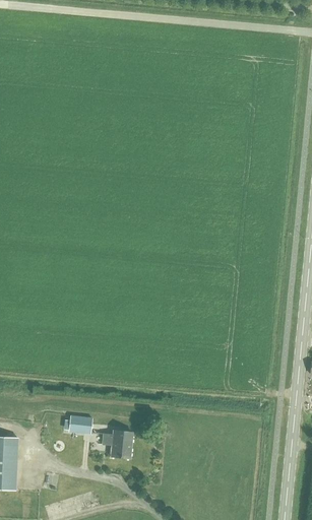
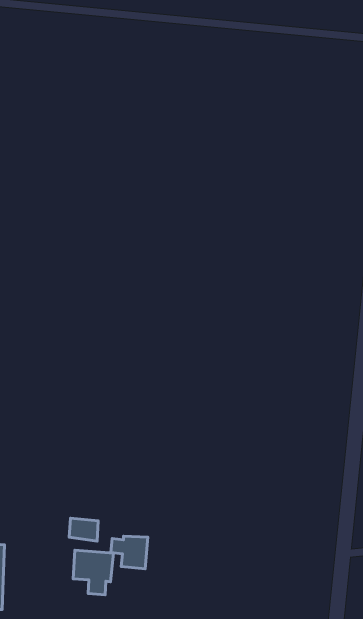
building: none -> [73,550,113,595]

